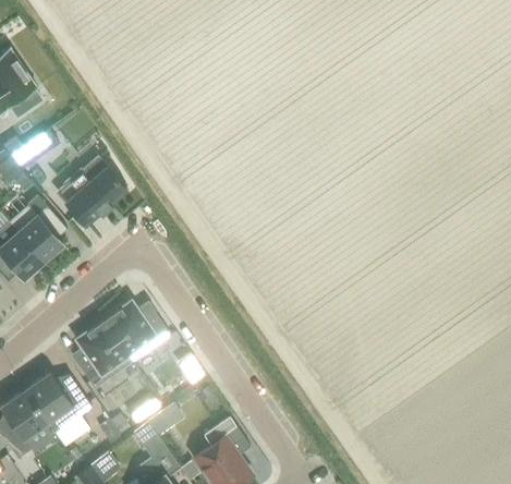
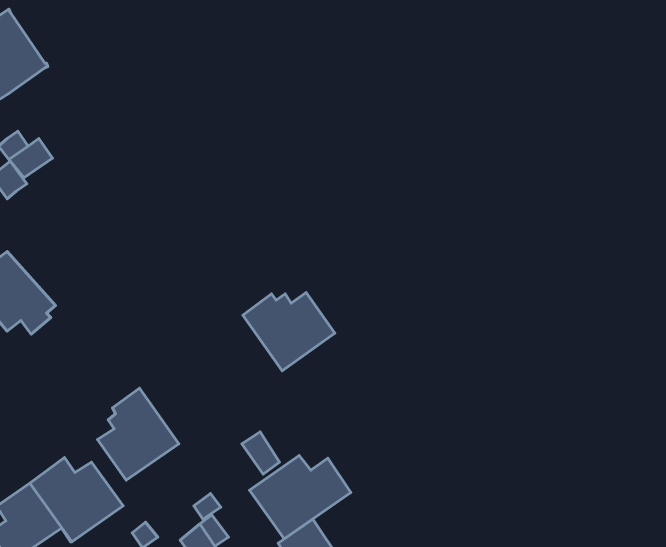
building: [59,168,126,225] -> none
building: [9,196,68,262] -> none
building: [105,305,171,362] -> [243,292,335,371]
building: none -> [249,455,351,539]

